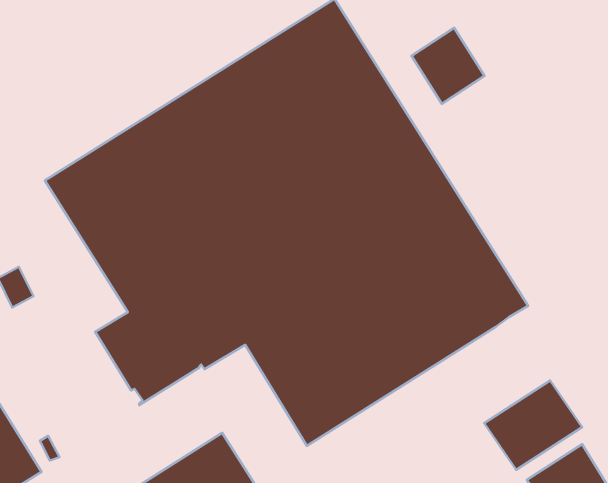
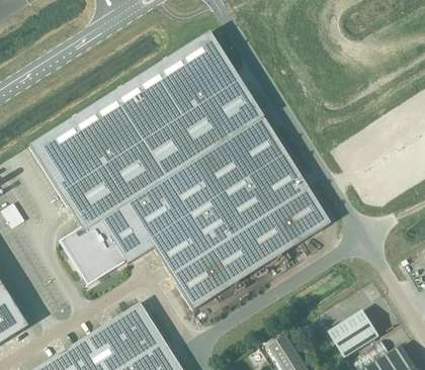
building: [411,28,484,104] -> none
building: [484,380,582,470] -> none

